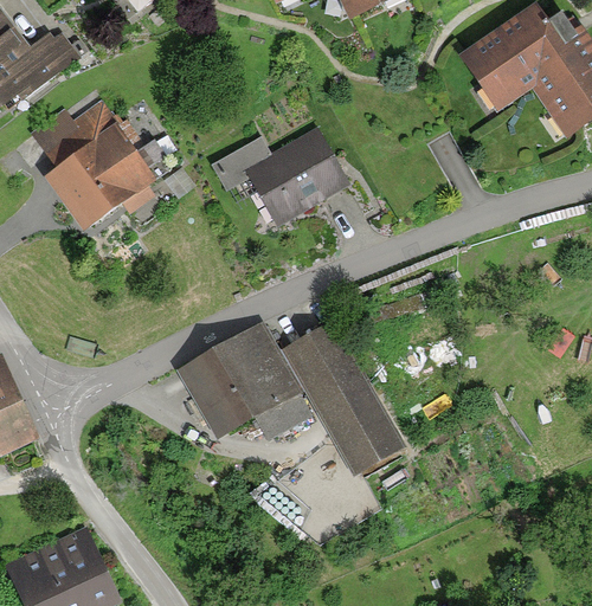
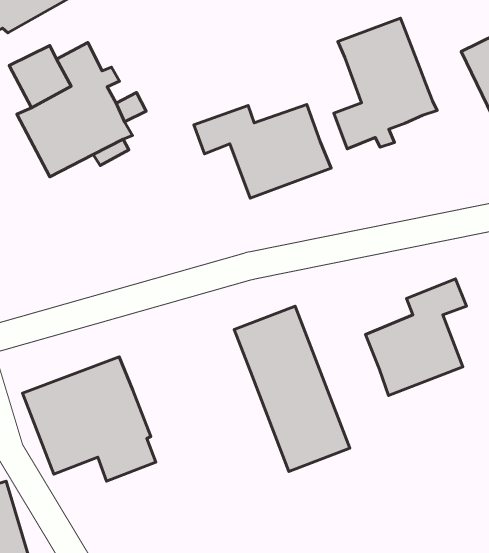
building: none -> [334,18,437,149]
building: none -> [365,279,466,396]
building: [176,321,313,441] -> [22,357,156,481]

